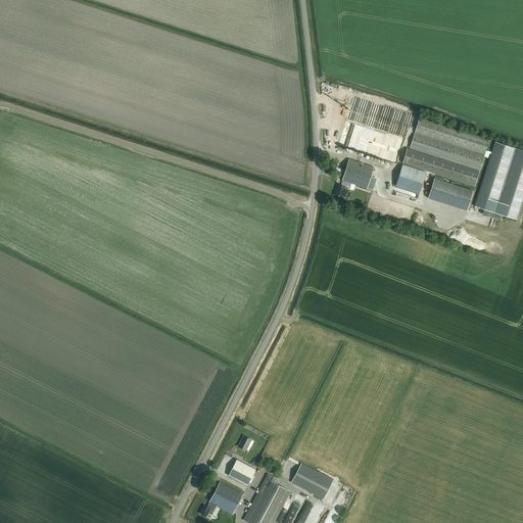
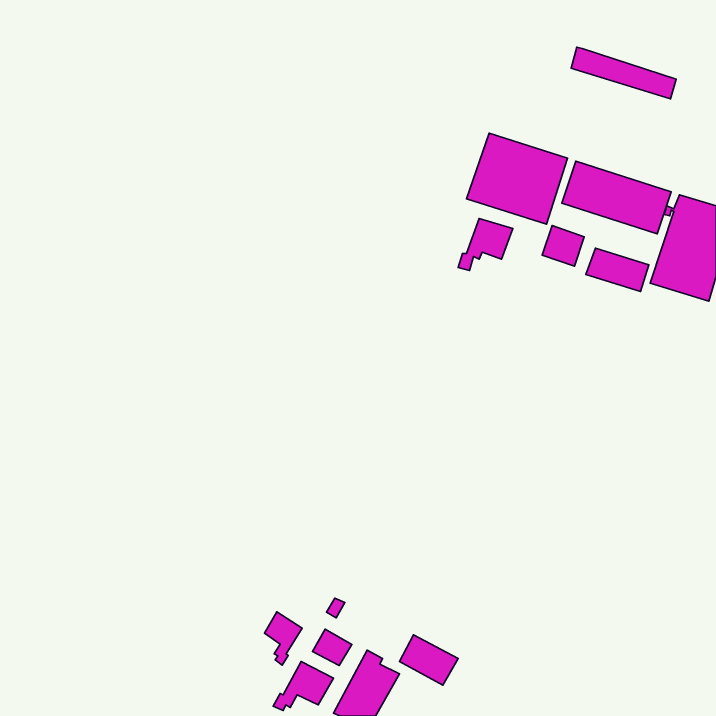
building: [402,148,479,186] -> [571,47,676,99]
building: none -> [265,612,302,665]

